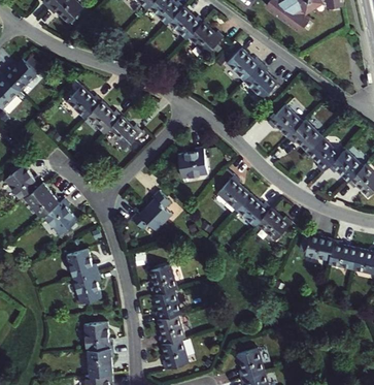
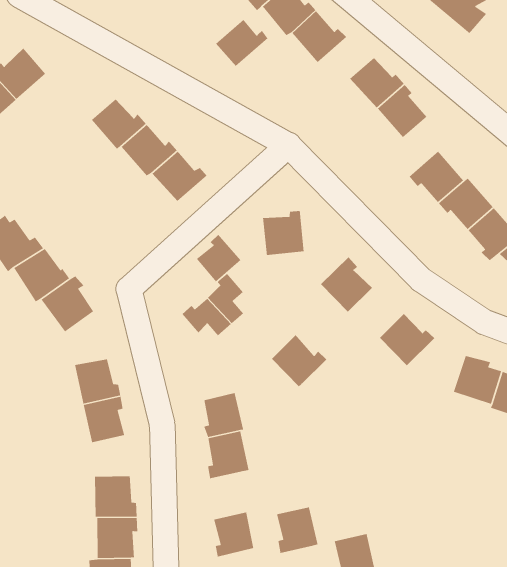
building: none -> [215,19,268,67]
building: none -> [196,234,241,282]
building: [235,193,270,226] -> [271,334,327,387]
building: [156,314,183,345] -> [276,506,319,554]

